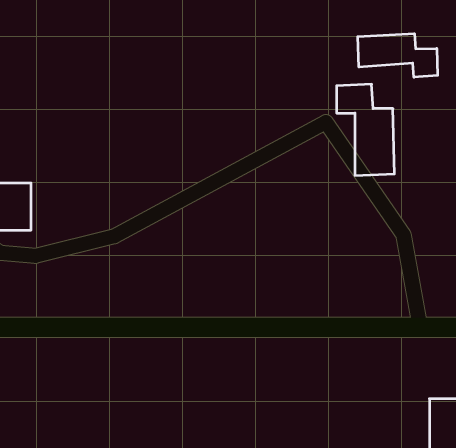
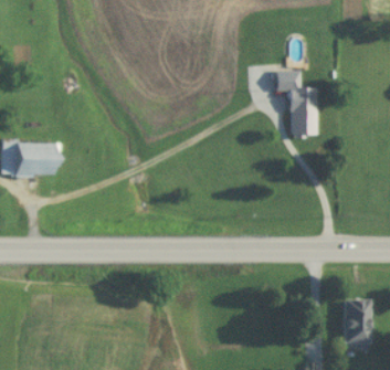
building: [358,34,438,77] -> none

